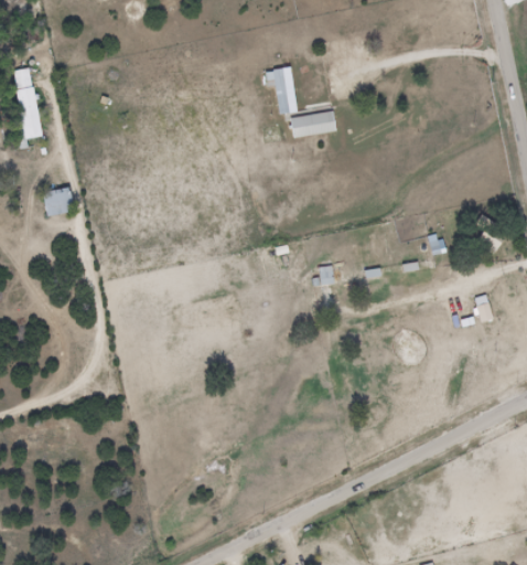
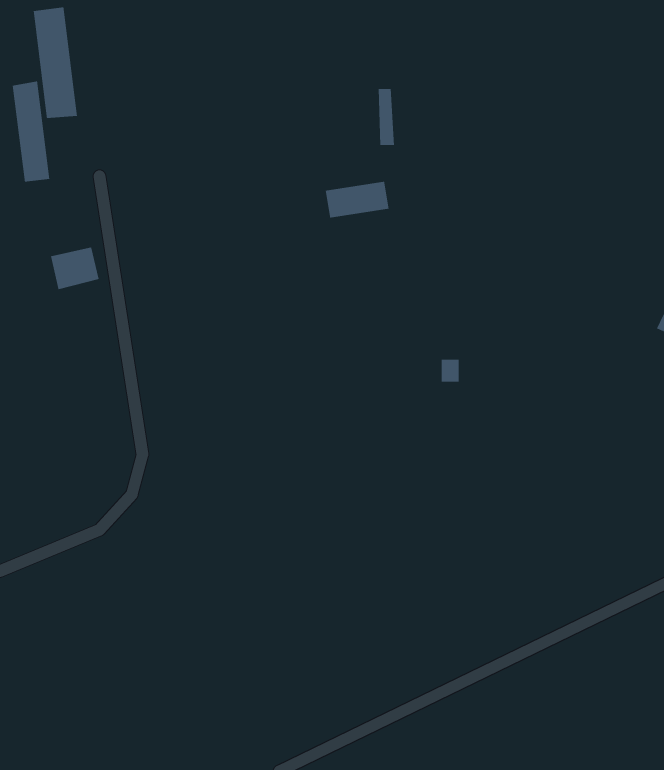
building: none -> [33,6,78,119]
building: [290,110,336,137] -> [325,181,390,218]

